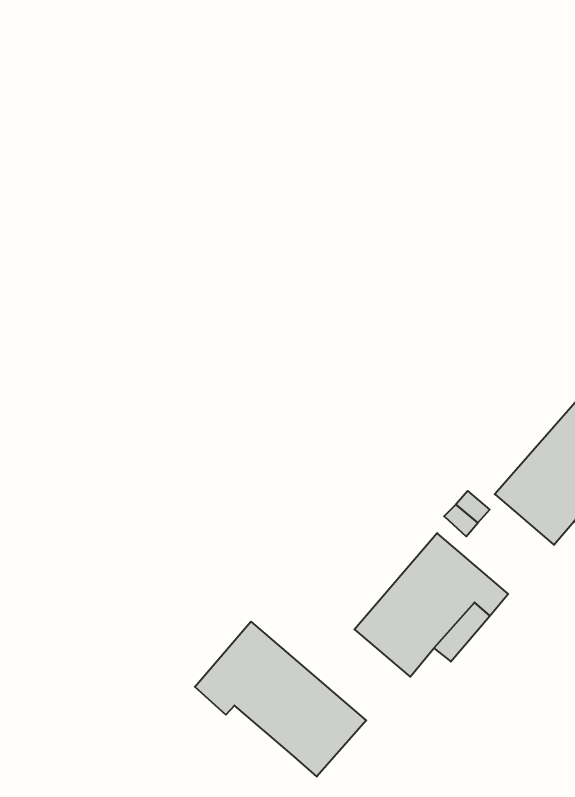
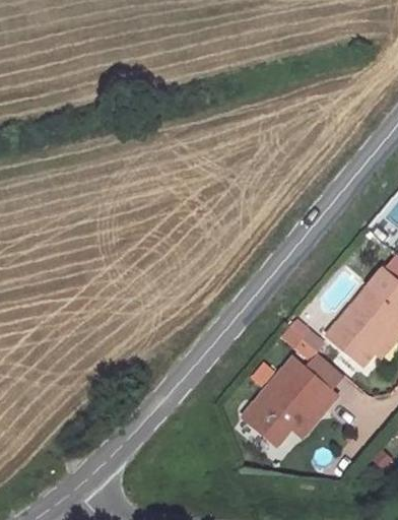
building: [195,622,366,777] -> none

